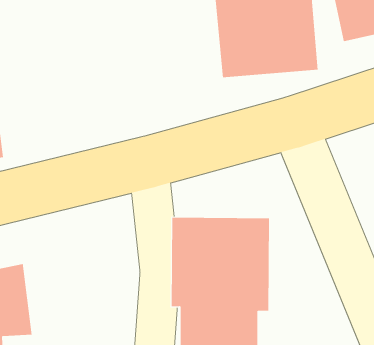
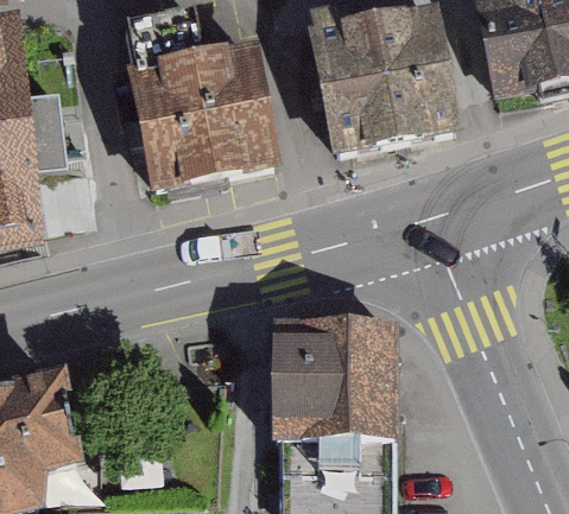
building: none -> [141,46,278,180]

